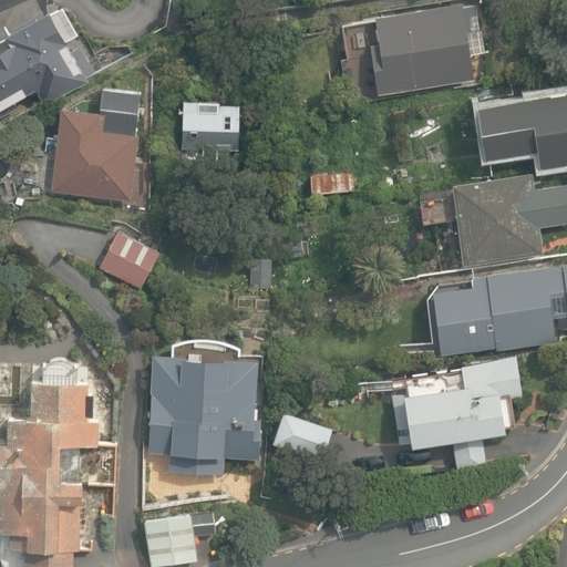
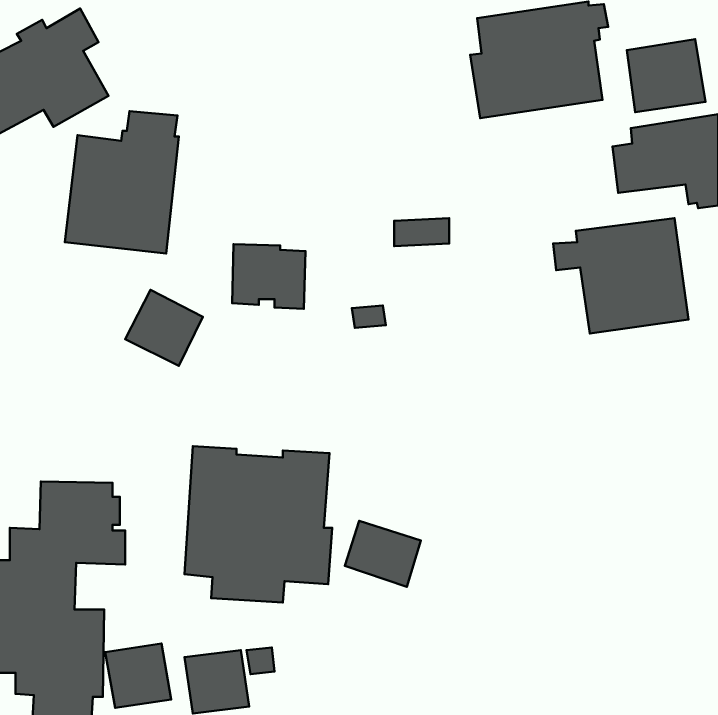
building: none -> [627,39,705,112]
building: [182,102,239,153] -> [232,244,305,309]
building: [433,268,559,355] -> none
building: [368,358,522,478] -> none
building: none -> [105,644,171,708]

